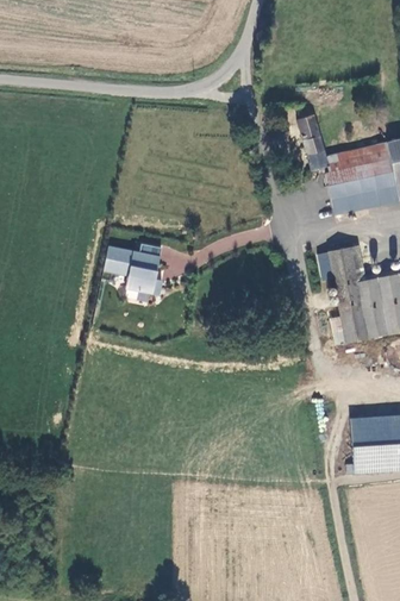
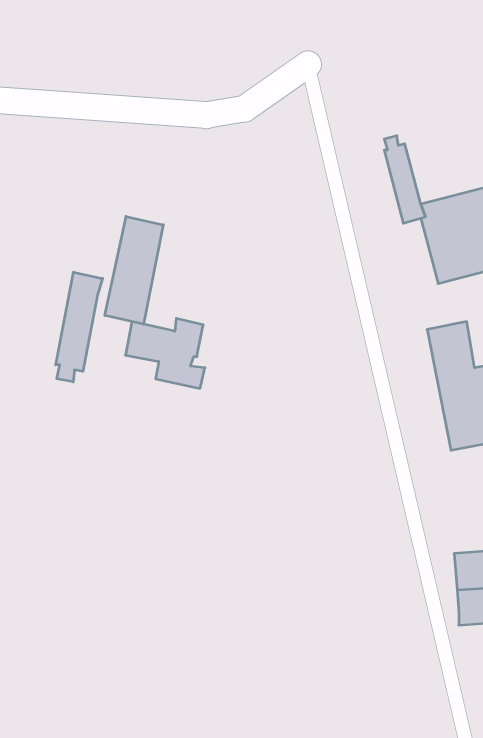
building: none -> [105,216,163,324]
building: none -> [56,272,103,382]

